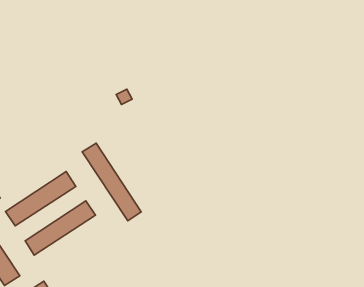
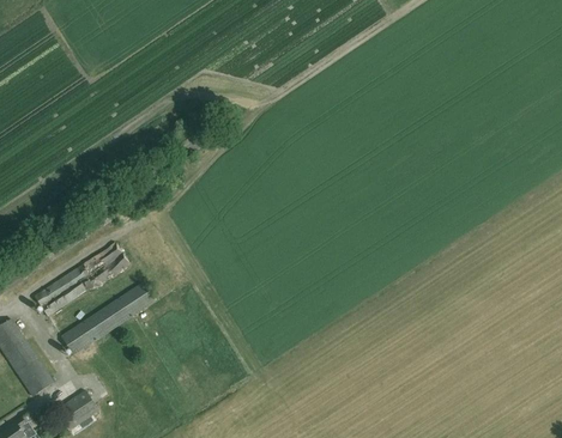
building: [82,143,141,221] -> none

